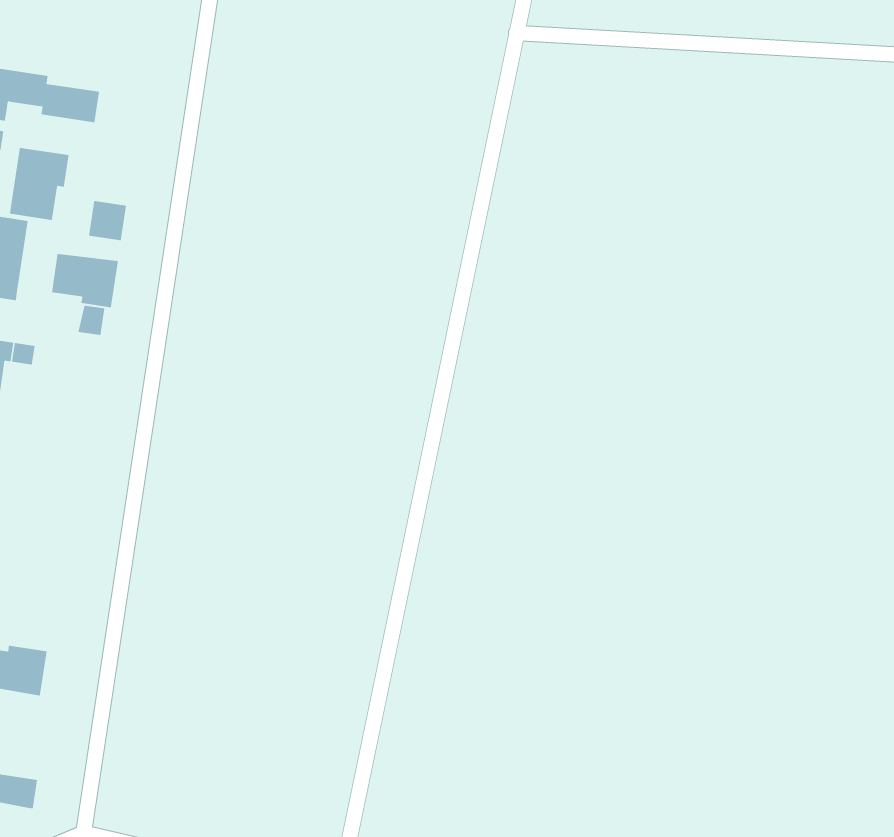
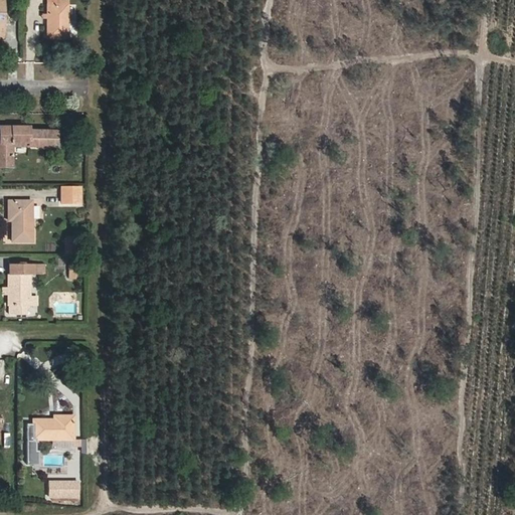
building: [9,147,69,221] -> none
building: [51,253,118,308] -> none

